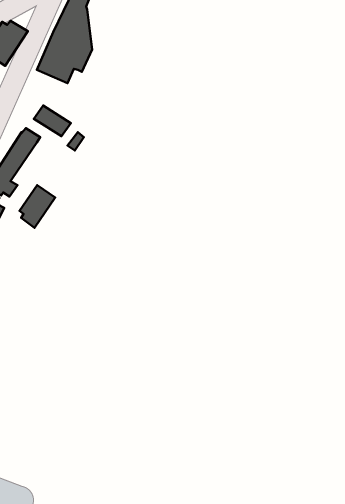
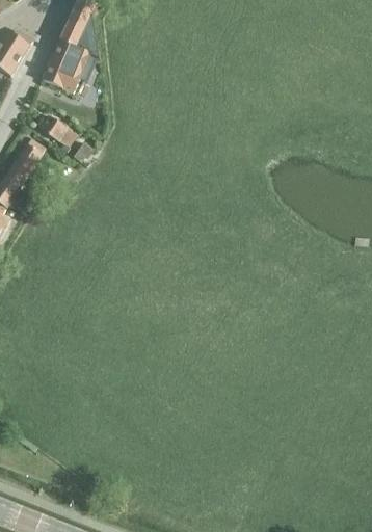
building: [20,185,55,228] -> none

